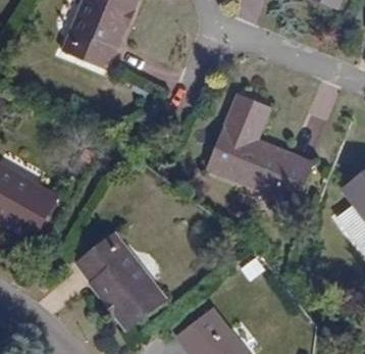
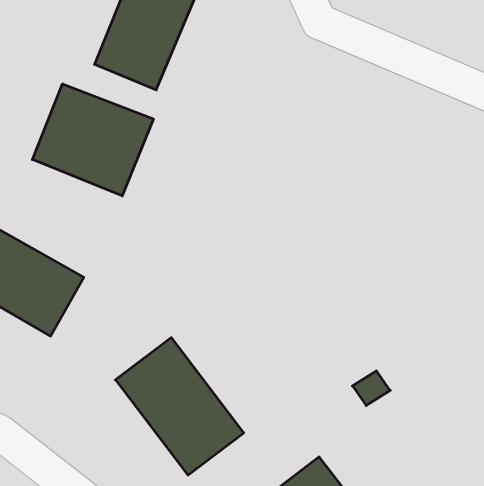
building: none -> [32,84,153,196]
building: [208,96,314,205] -> none

